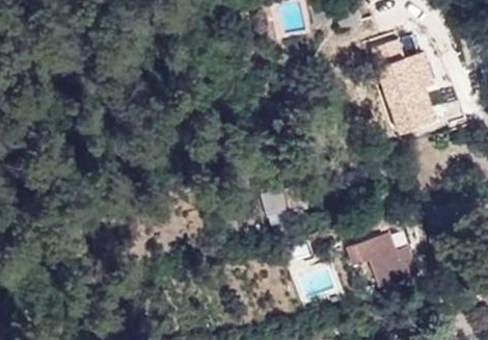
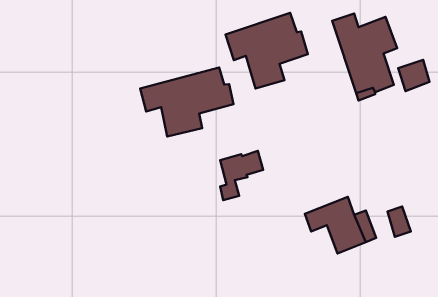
building: none -> [225,13,308,88]
building: none -> [140,67,233,136]

